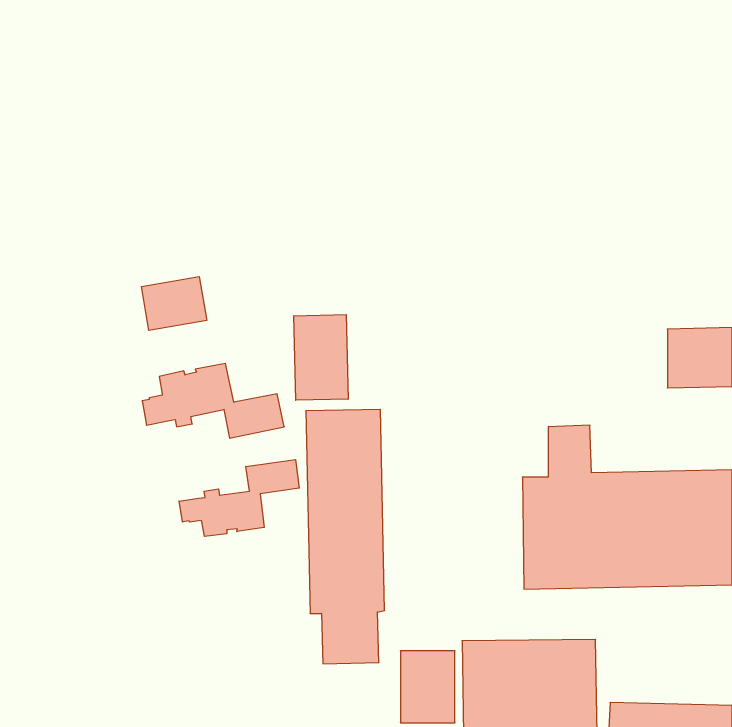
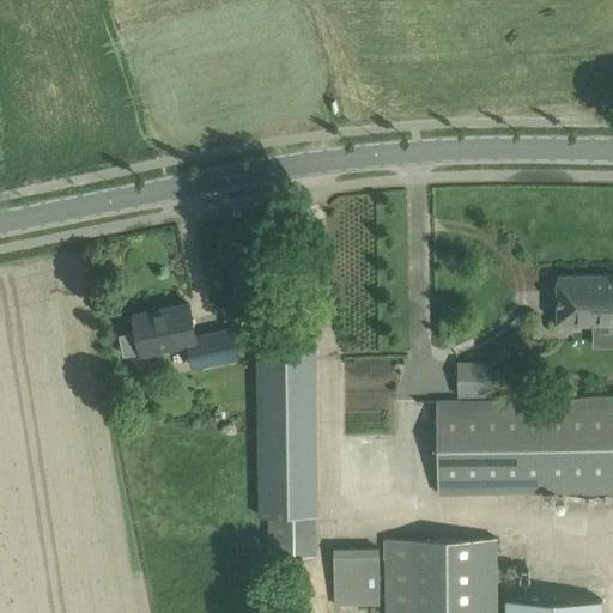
building: [141,277,207,330] -> none
building: [294,315,348,400] -> none
building: [179,460,299,536] -> none

